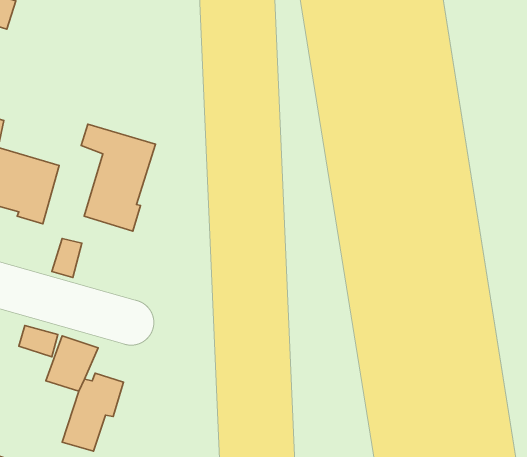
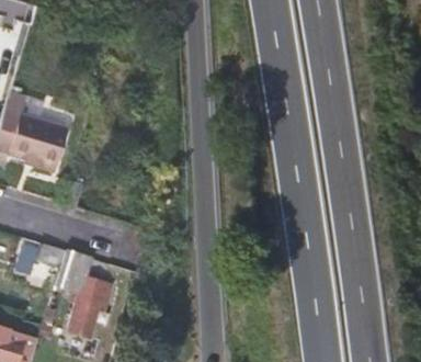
building: [81,124,155,231] -> none

